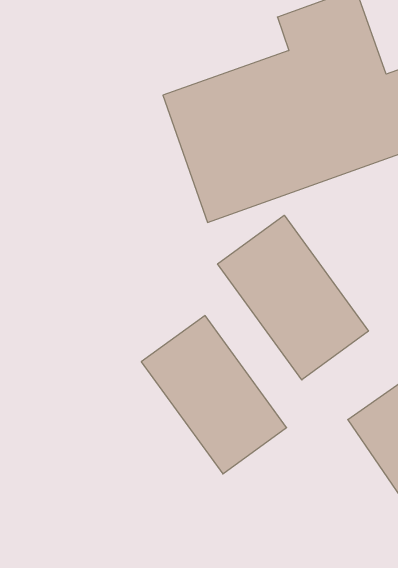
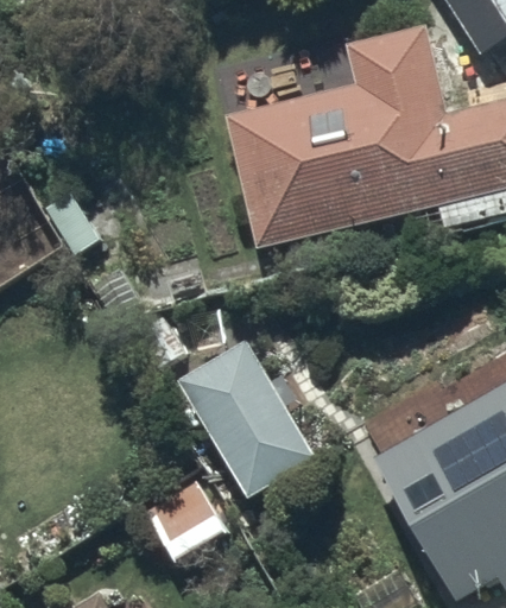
building: [218,215,368,380] -> none

